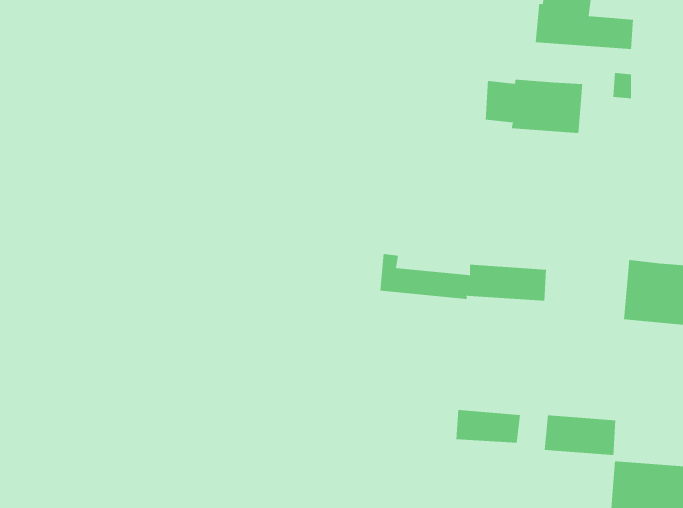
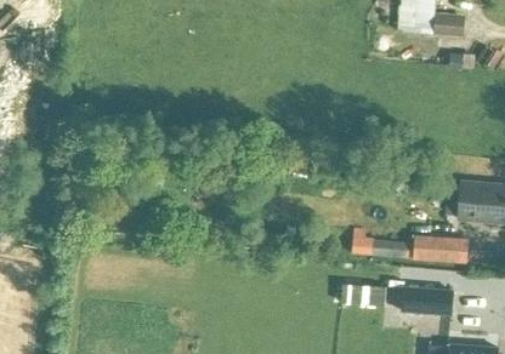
building: [485,79,583,134] -> none
building: [379,254,547,301] -> [352,229,467,262]

